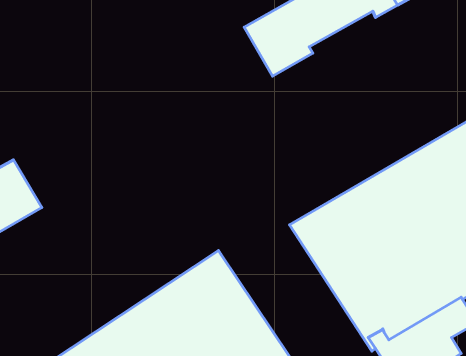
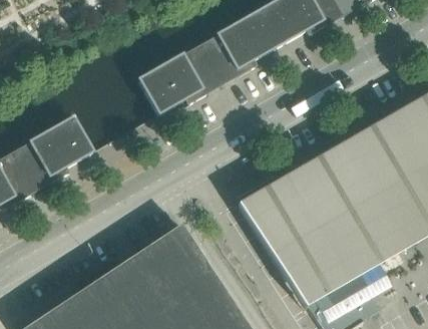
building: none -> [138,42,224,113]
building: none -> [12,115,93,190]

